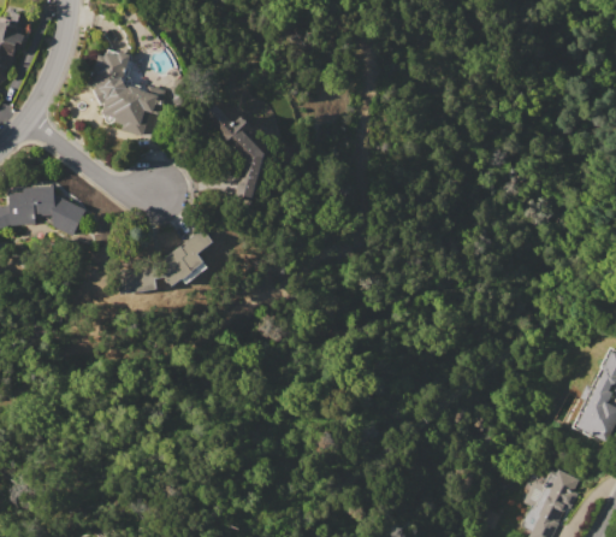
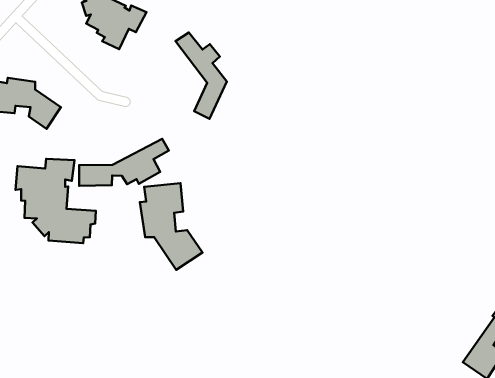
building: none -> [15,159,96,243]
building: none -> [140,183,202,270]

